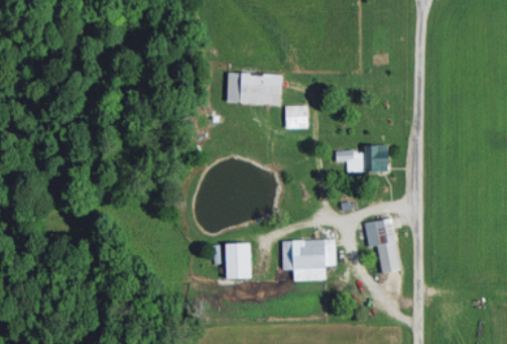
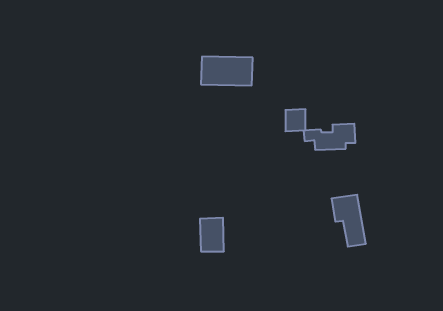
building: [285,106,306,129] -> [285,109,306,131]
building: [281,240,335,281] -> none

